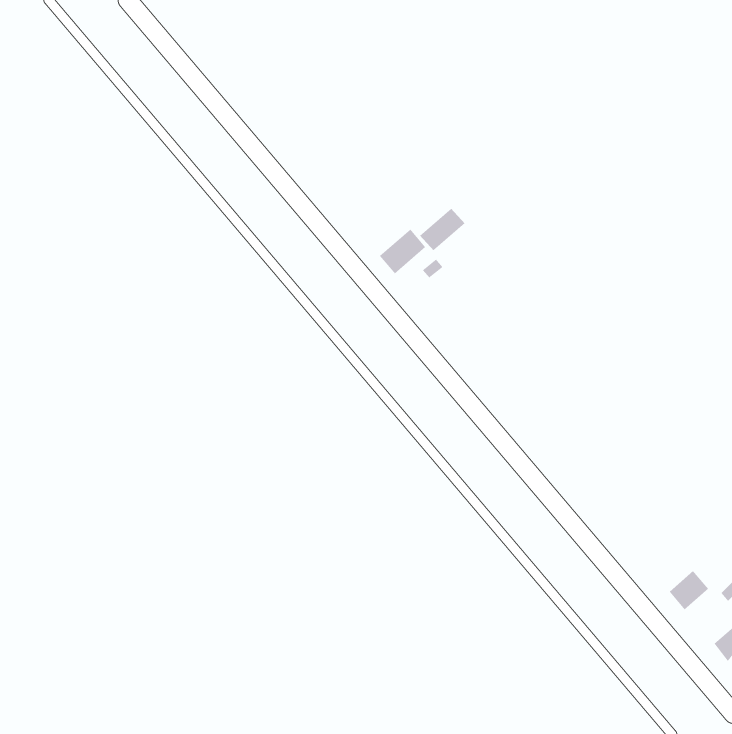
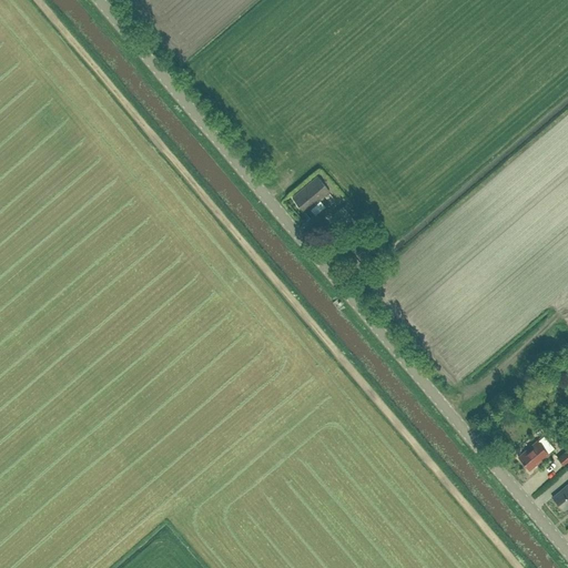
building: [419,208,466,251] -> none

